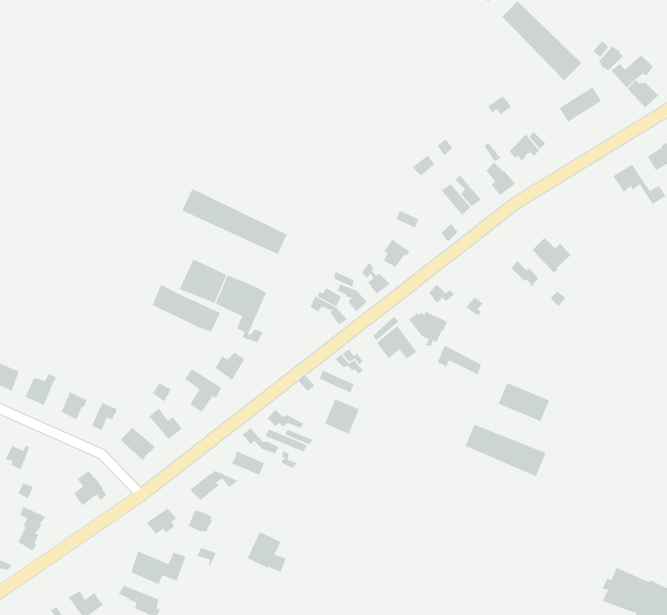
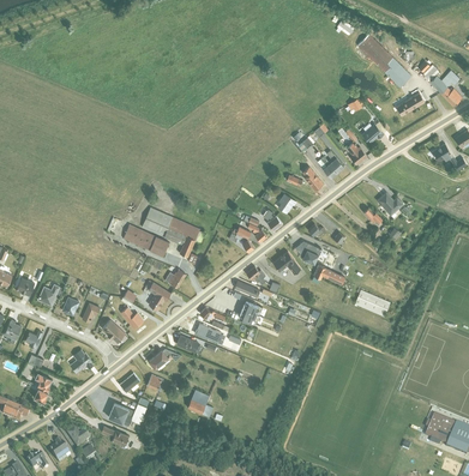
building: [181,188,287,255] -> none
building: [465,424,546,477] -> none

